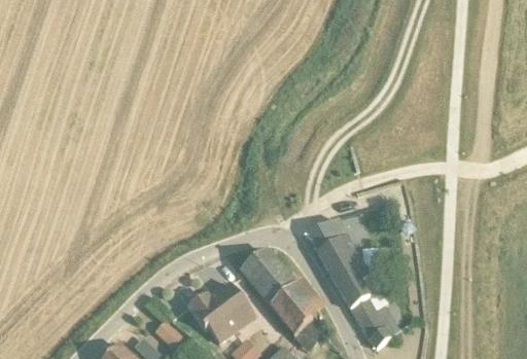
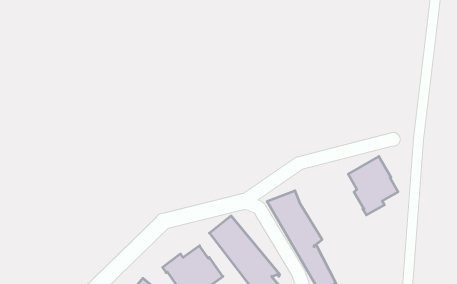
building: none -> [348,156,398,215]

